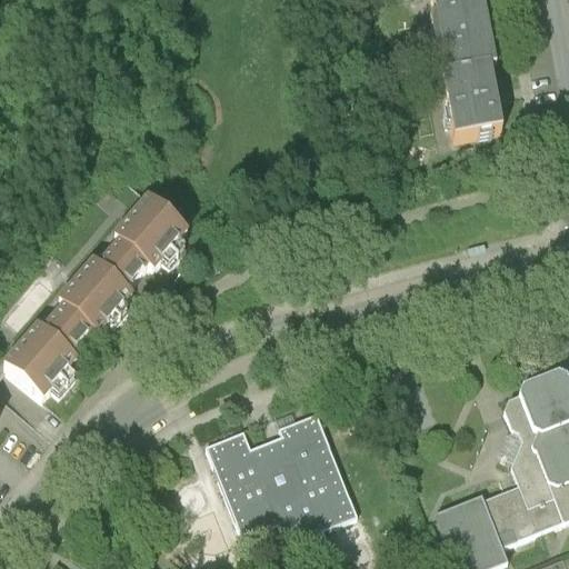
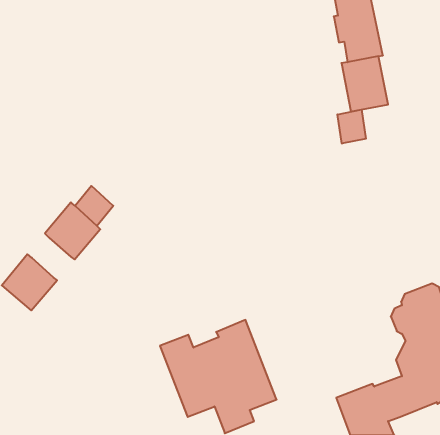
building: none -> [337,110,366,144]
building: [114,194,187,269] -> none
building: [43,306,93,357] -> none

